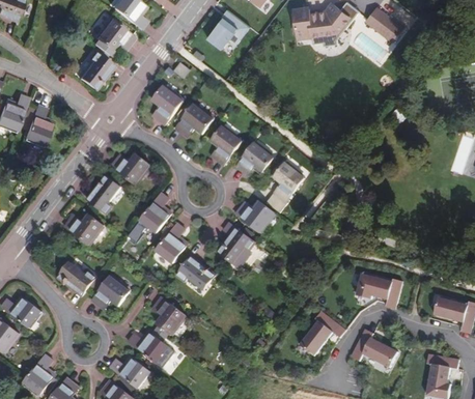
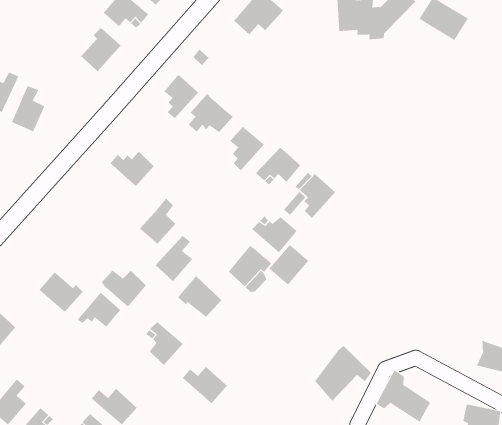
building: [87,175,122,215] -> none
building: [64,213,104,246] -> [101,270,147,308]
building: none -> [268,244,309,285]
building: [357,270,404,308] -> none
building: [128,331,167,363] -> [182,366,228,404]

